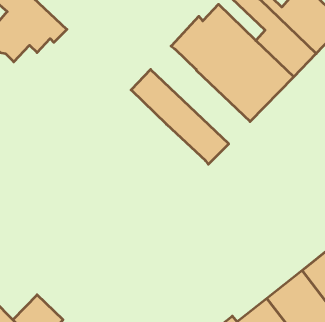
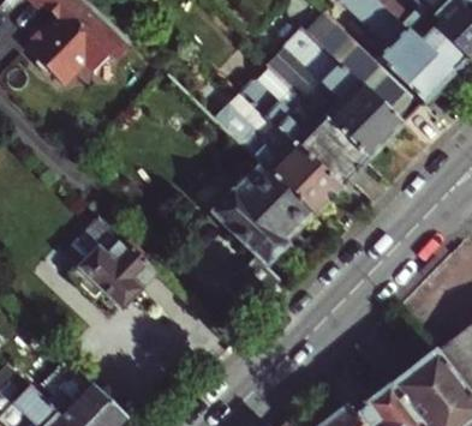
building: none -> [240,66,369,188]
building: none -> [210,163,311,316]
building: none -> [73,215,159,307]

